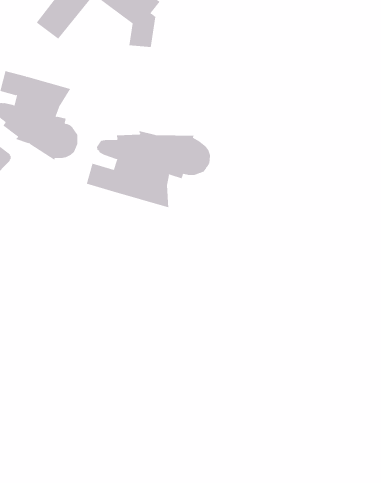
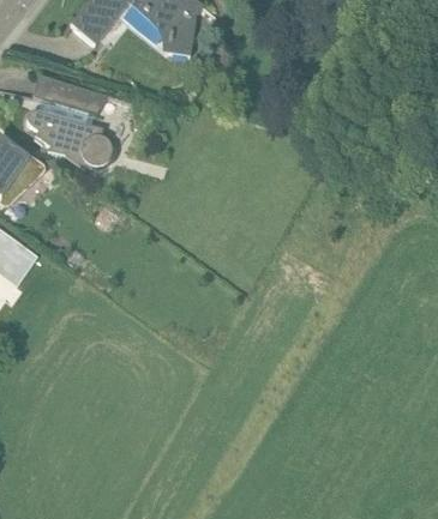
building: [86,130,211,208] -> none

